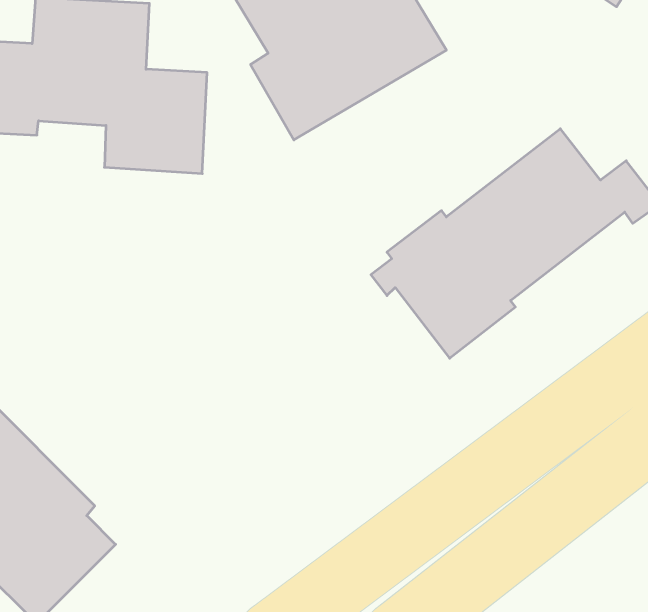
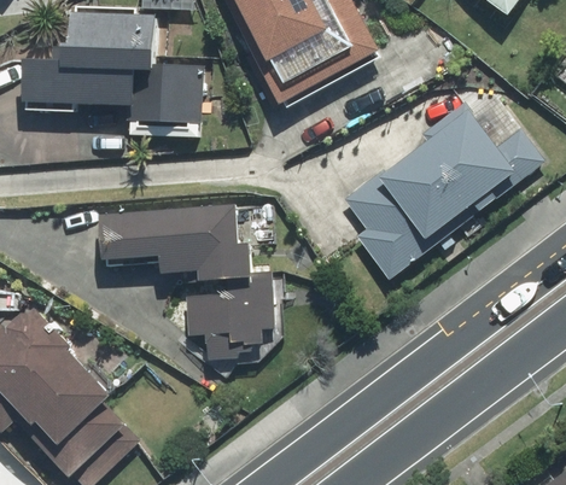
building: none -> [101,206,276,360]

